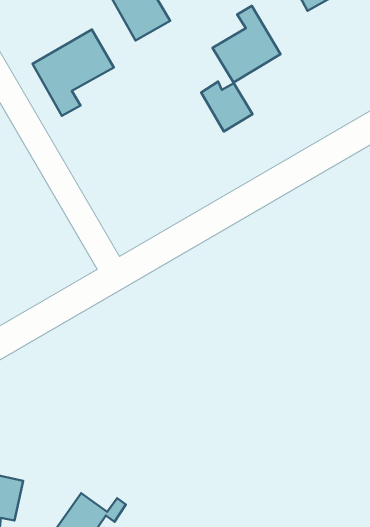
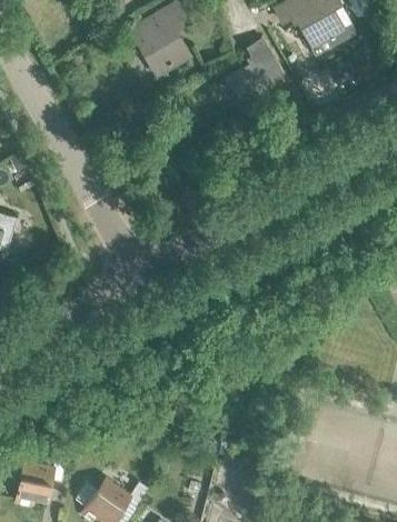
building: [33,30,114,116] -> none
building: [201,82,253,132] -> none

